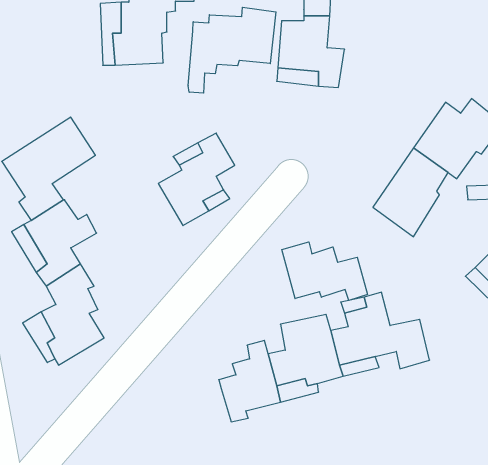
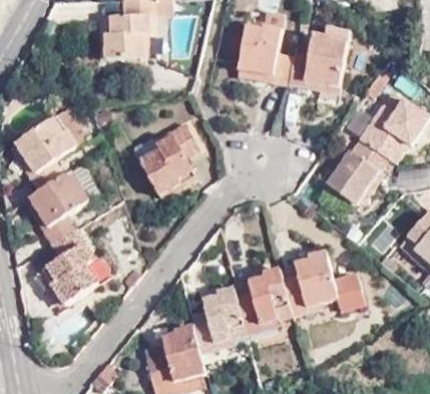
building: [188,7,276,93] -> none
building: none -> [290,37,352,85]
building: [282,242,368,300] -> none
building: none -> [150,328,208,386]

